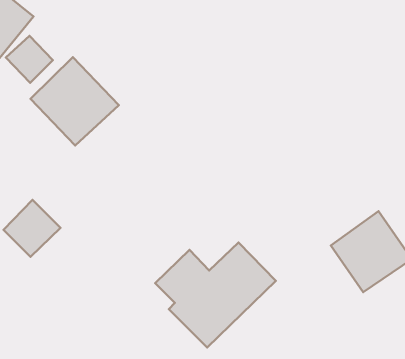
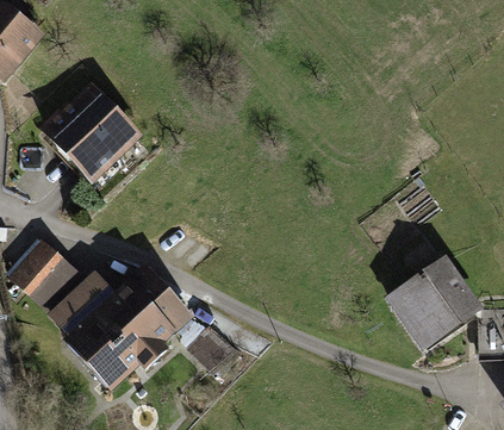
building: [6,36,53,83] -> none
building: [155,242,276,348] -> [50,267,188,387]

